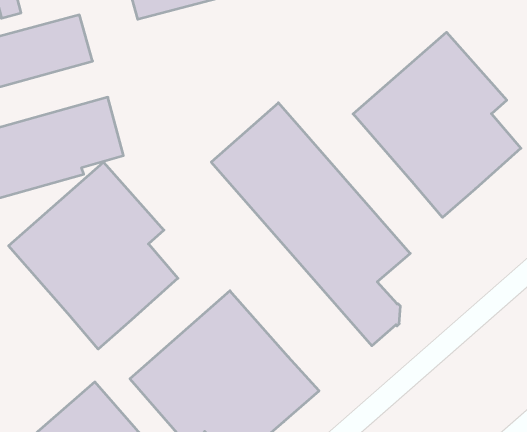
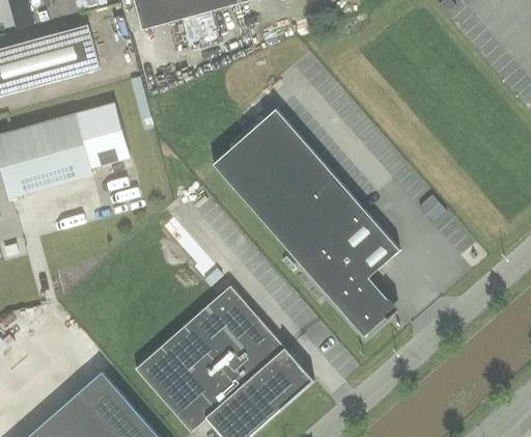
building: [353,32,521,217] -> none
building: [9,162,178,349] -> none

